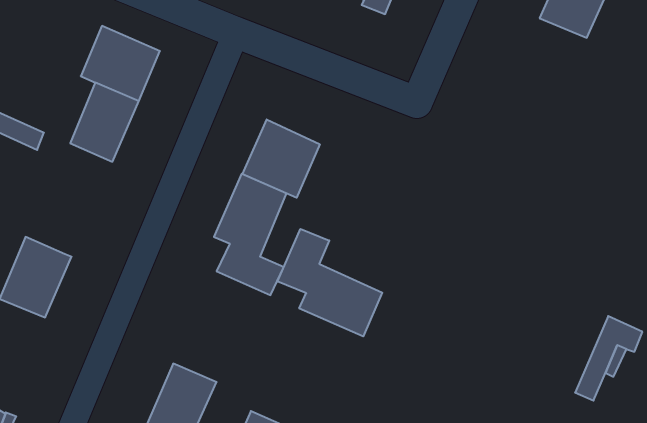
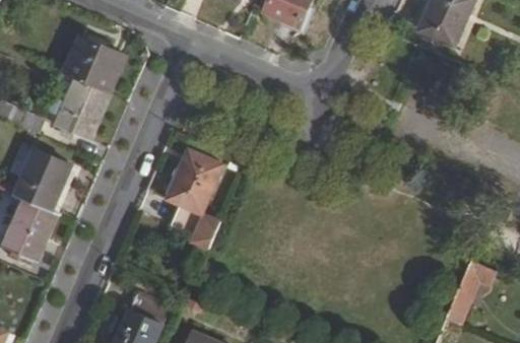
building: [242,119,320,198] -> none
building: none -> [12,148,71,211]
building: [278,229,382,336] -> none

